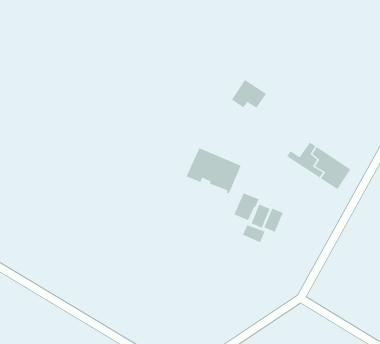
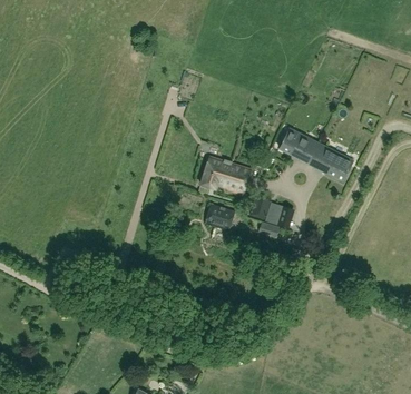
building: [231,79,267,109] -> [277,128,310,155]
building: none -> [203,204,233,230]

